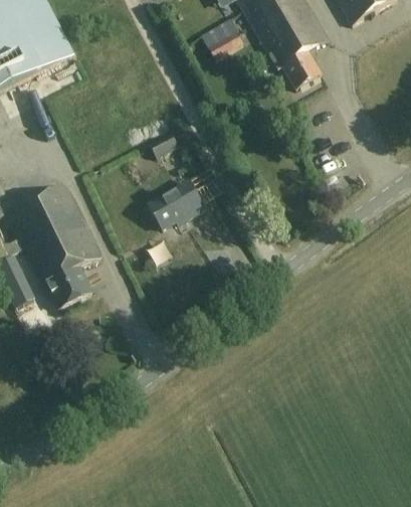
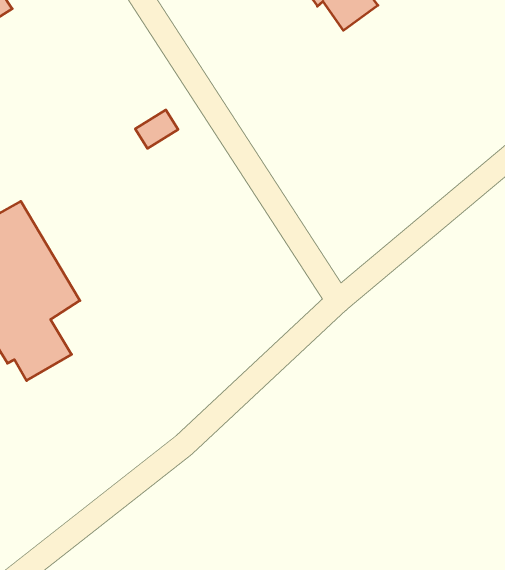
building: [149,178,204,224] -> none

